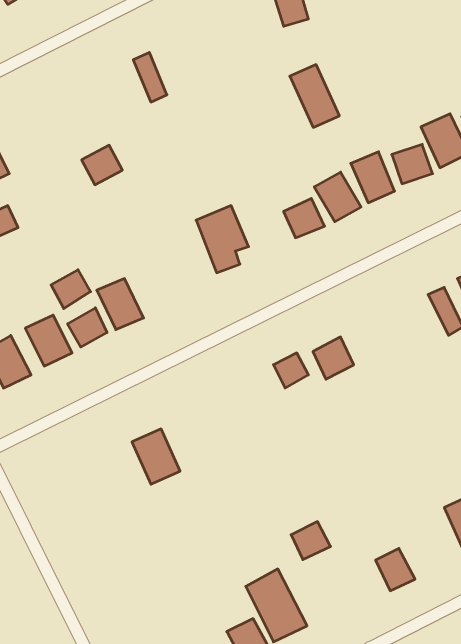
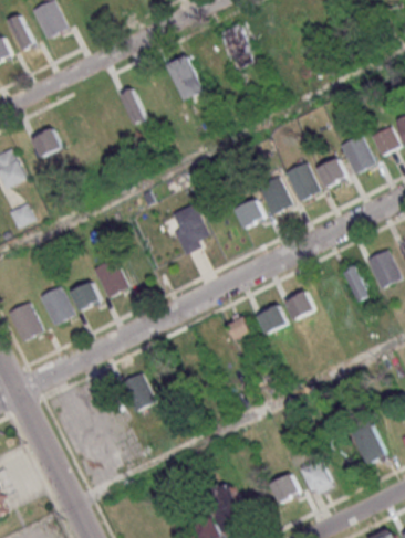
building: [290,65,339,127] -> [167,53,205,101]
building: [82,145,122,185] -> [31,128,62,158]
building: [51,270,91,309] -> none
building: none -> [284,291,315,320]
building: [291,522,331,560] -> [270,474,300,503]

